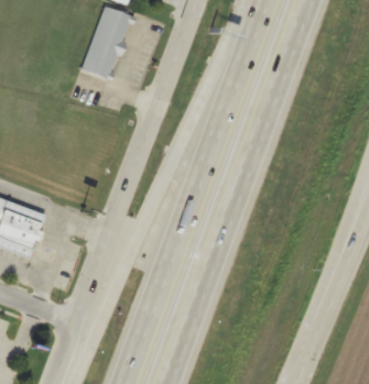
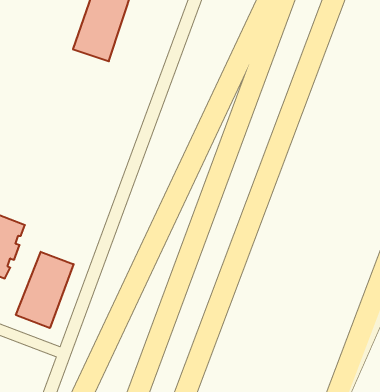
building: none -> [16,252,74,328]

